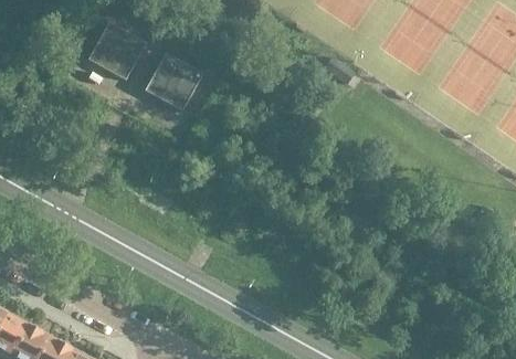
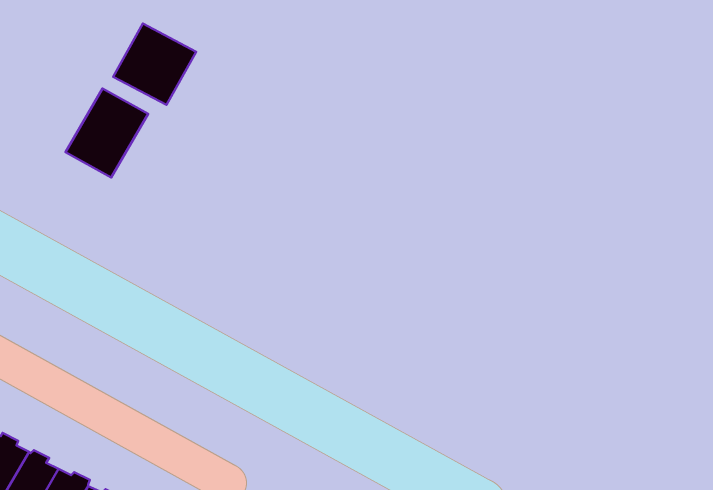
building: [141,52,200,110] -> none
building: none -> [66,88,148,178]

